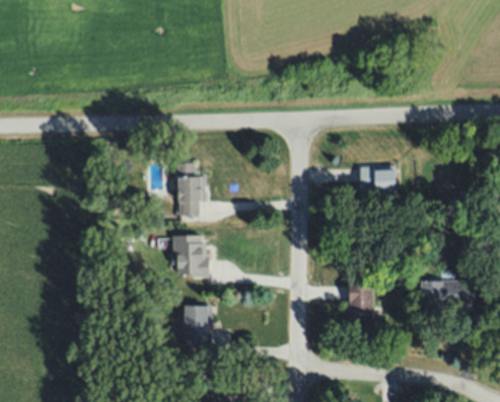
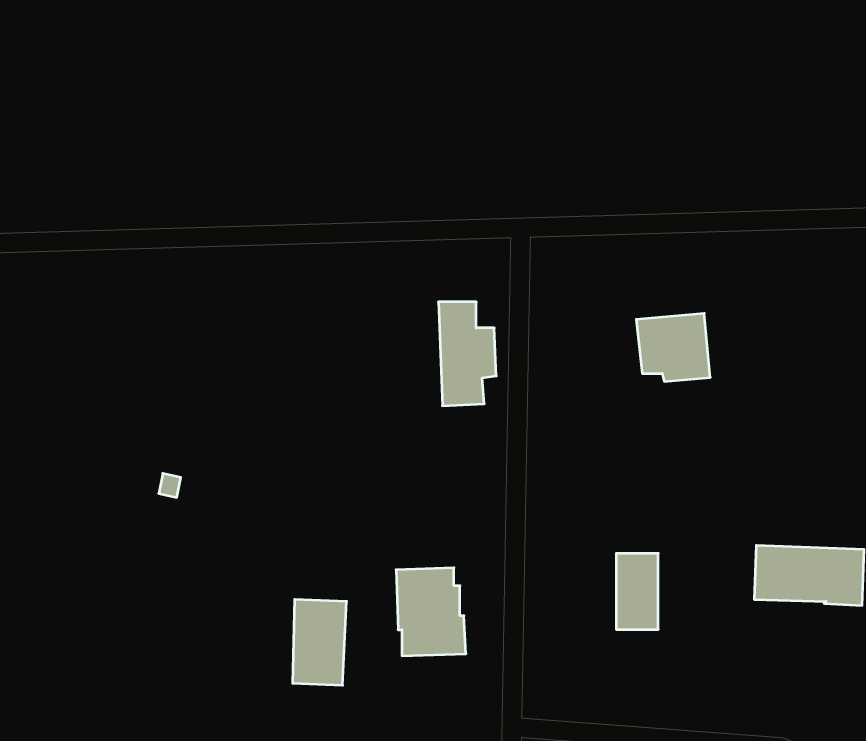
building: [176,163,206,216] -> [438,302,496,406]
building: [173,233,209,277] -> [396,568,466,656]

